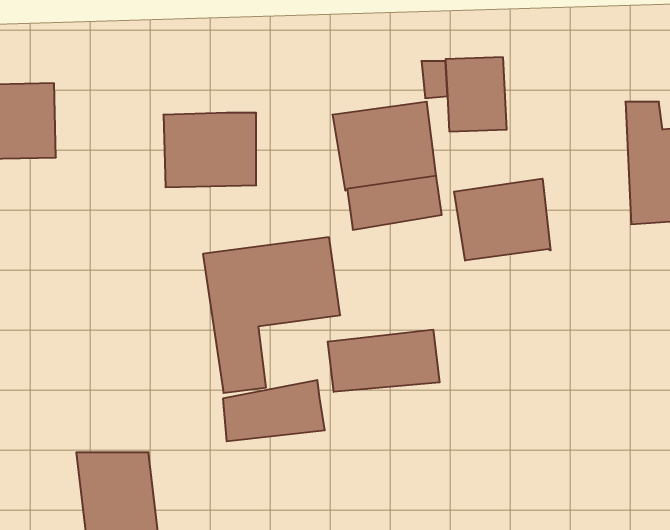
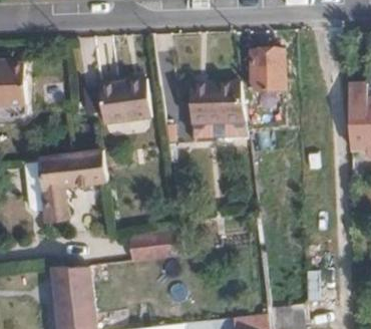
building: [454,179,551,261] -> none
building: [203,237,340,393] -> [35,149,109,234]
building: [328,330,440,392] -> none

